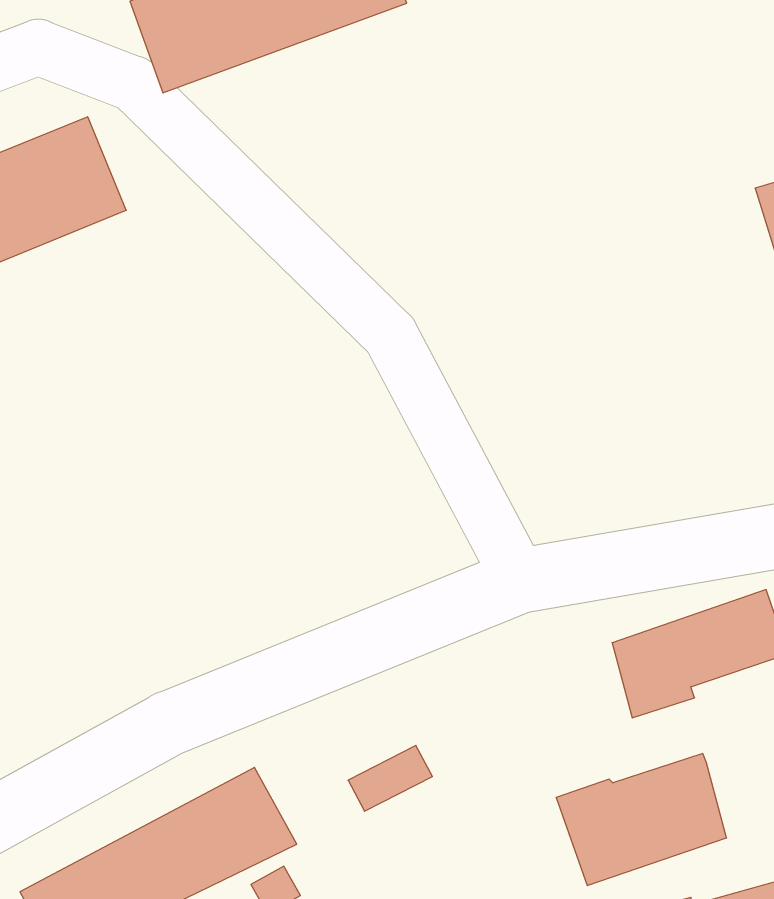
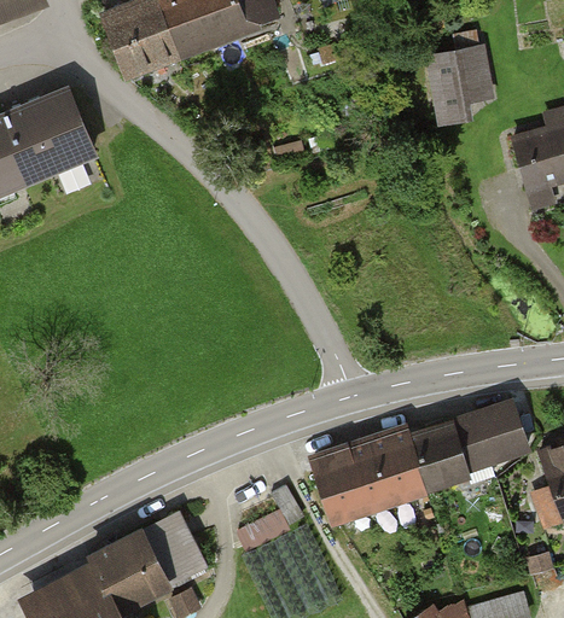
building: none -> [424,46,490,124]
building: [556,754,727,886] -> [314,431,426,518]

